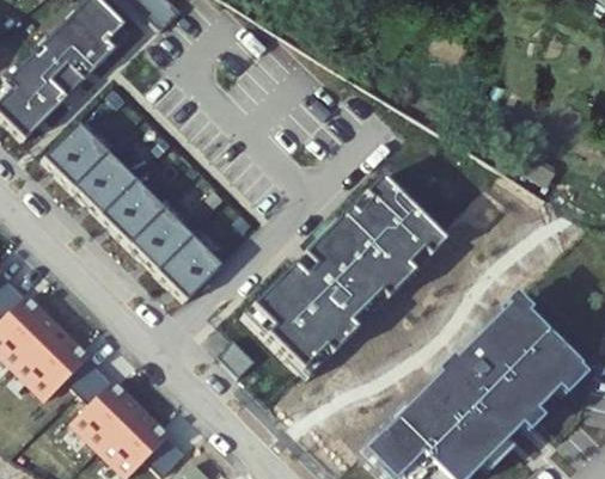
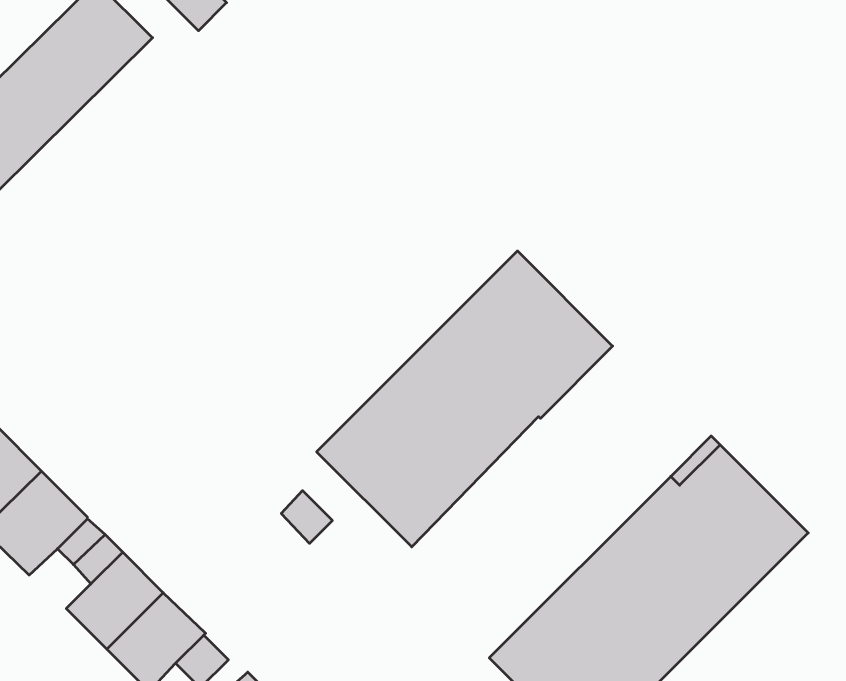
building: [45,122,222,297] -> none

